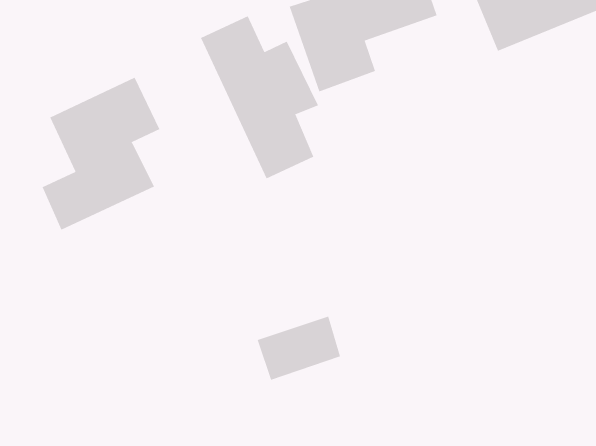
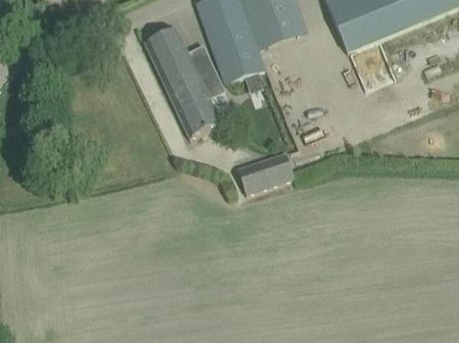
building: [42,77,160,231] -> none
building: [257,316,341,381] -> [237,150,294,194]

